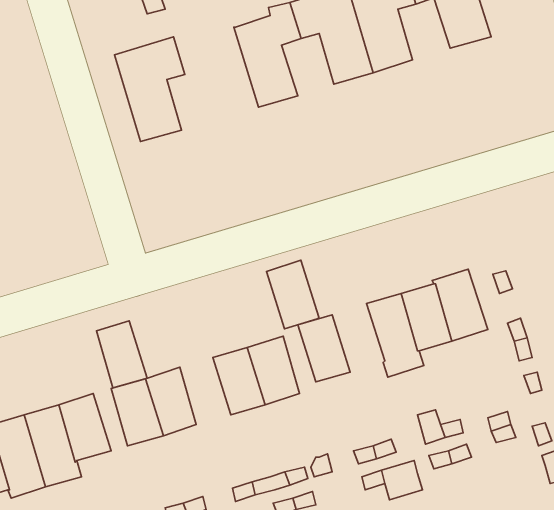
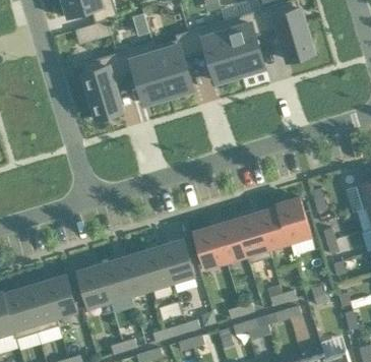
building: none -> [116,42,169,104]
building: [266,260,319,329] -> [214,219,247,261]
building: [96,321,147,388] -> [120,252,151,294]

